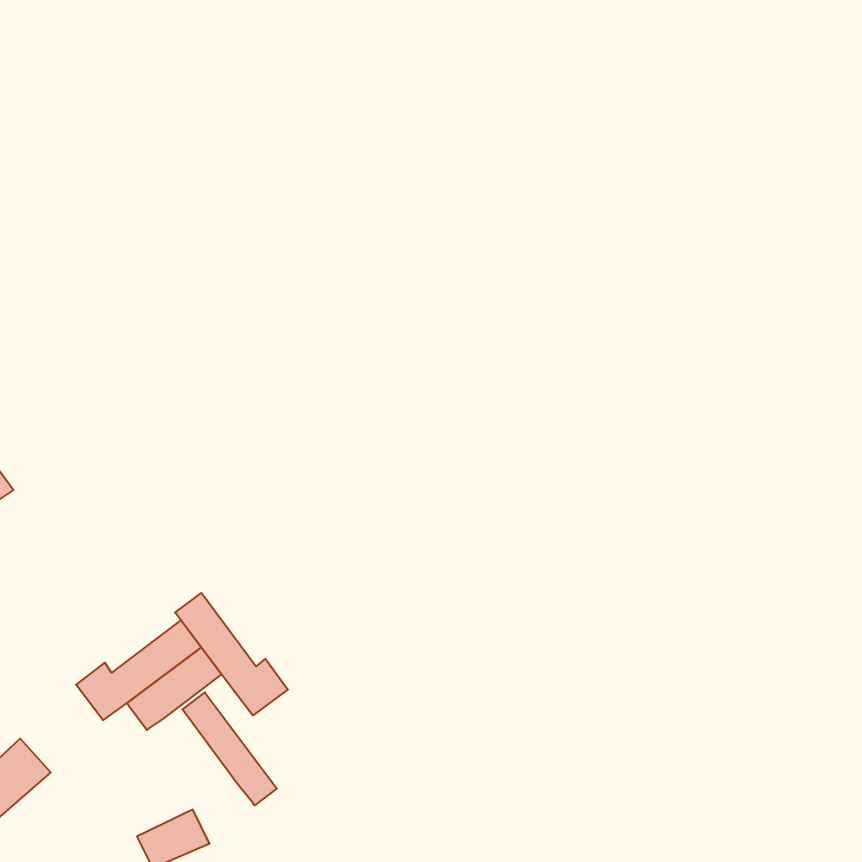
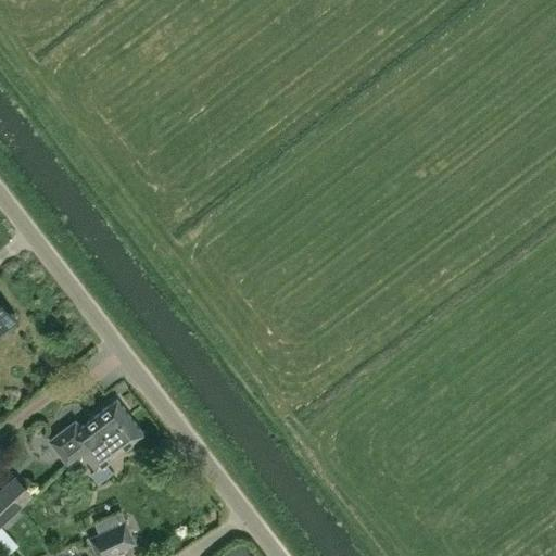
building: [175,593,288,715] -> none
building: [182,692,277,805] -> none

